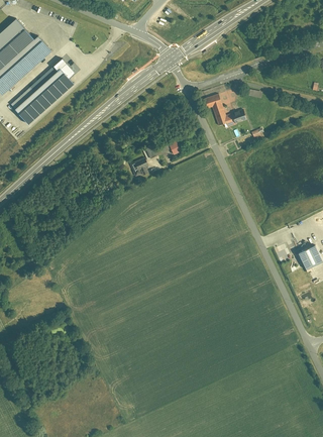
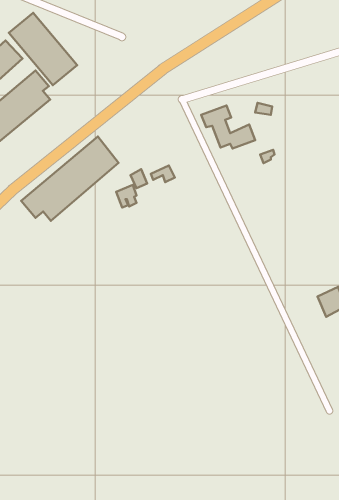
building: none -> [9,13,77,85]
building: none -> [21,136,118,221]

